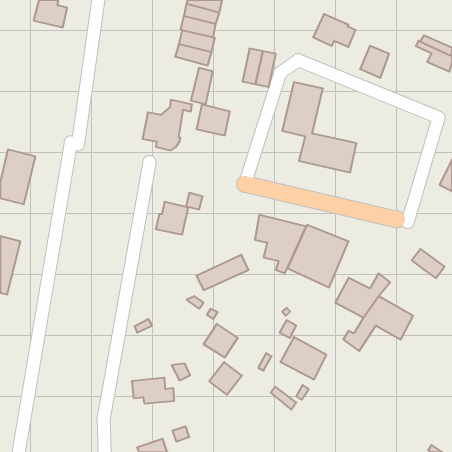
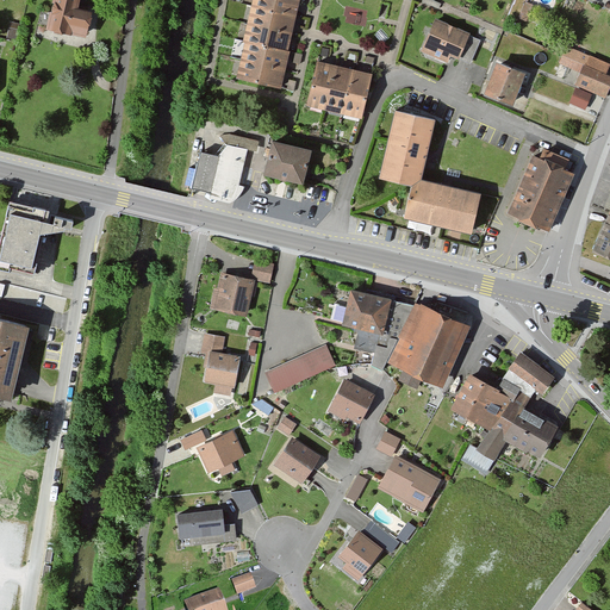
building: [191,68,213,104] -> [306,61,336,110]
building: none -> [506,149,573,230]
building: none -> [201,332,239,386]
building: [412,249,445,278] -> [510,353,554,392]
building: none -> [328,379,374,422]
building: none -> [197,429,244,471]
building: [209,362,242,395] -> [338,529,382,573]

